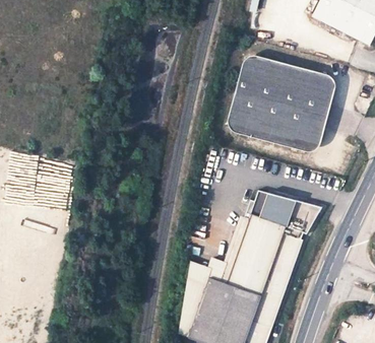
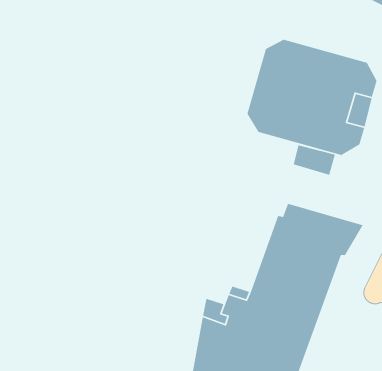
building: none -> [293,145,336,176]

